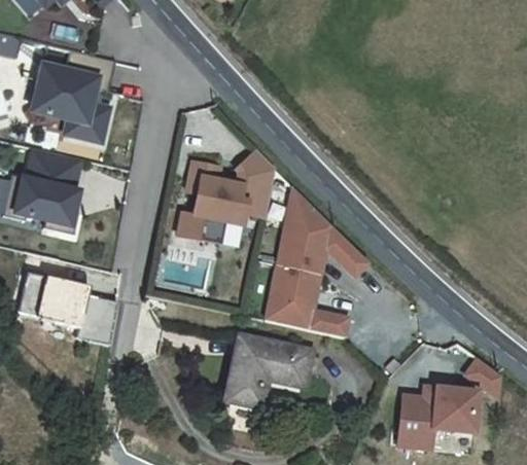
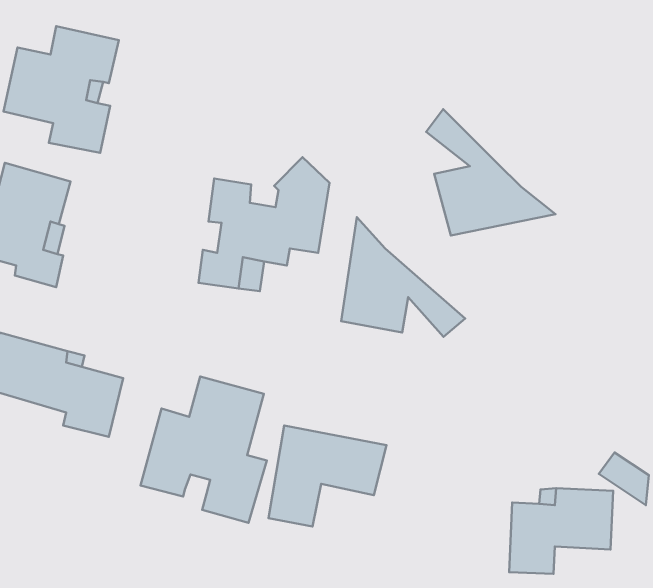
building: none -> [426,109,555,236]
building: [270,263,352,332] -> none
building: none -> [141,377,267,523]

